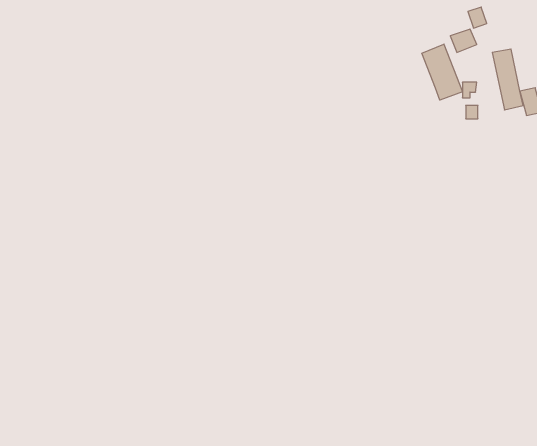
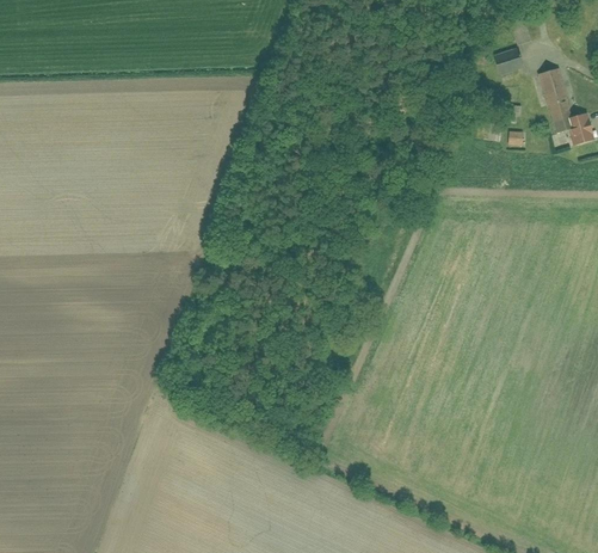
building: [422,44,462,100] -> none

